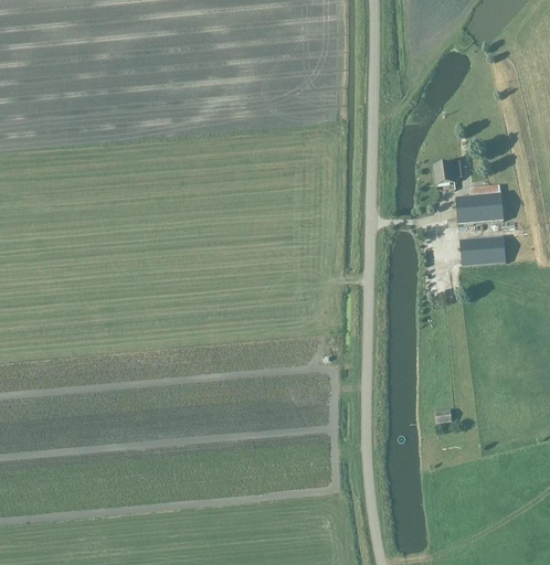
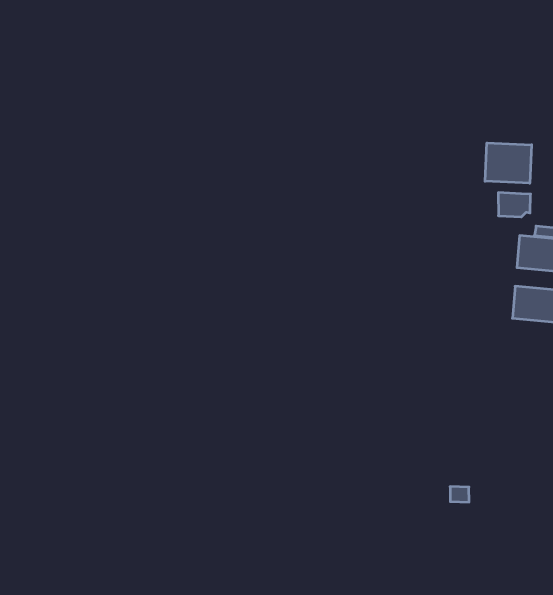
building: none -> [485,143,532,183]

